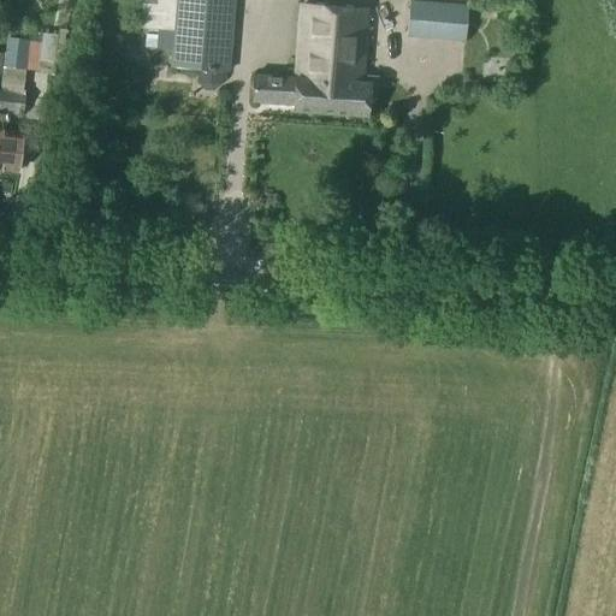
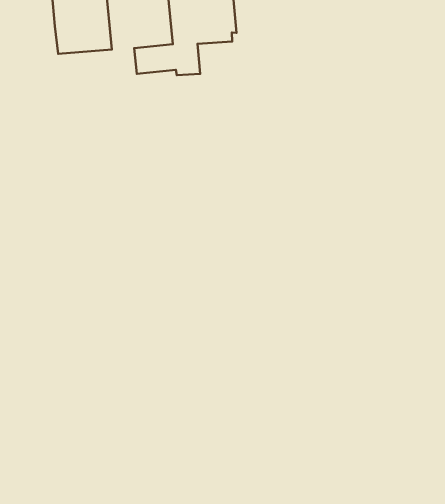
building: [320,75,379,116] -> none

